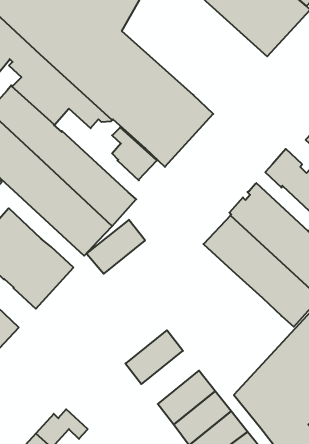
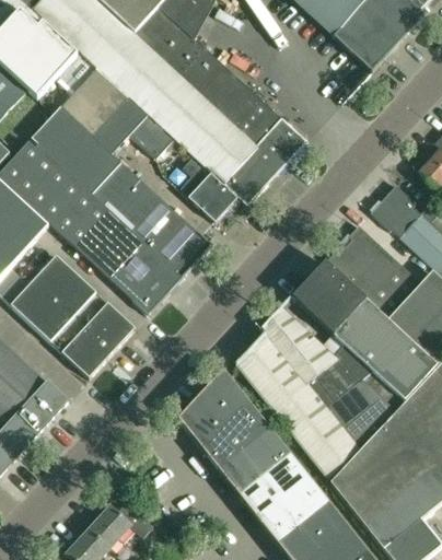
building: [87,220,145,274] -> [178,378,249,444]
building: none -> [236,306,395,479]
building: none -> [219,429,289,493]

